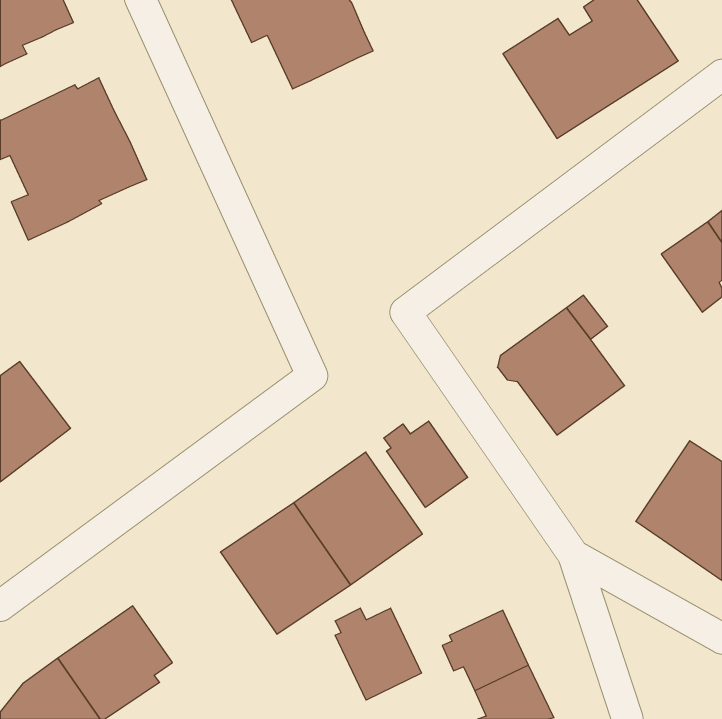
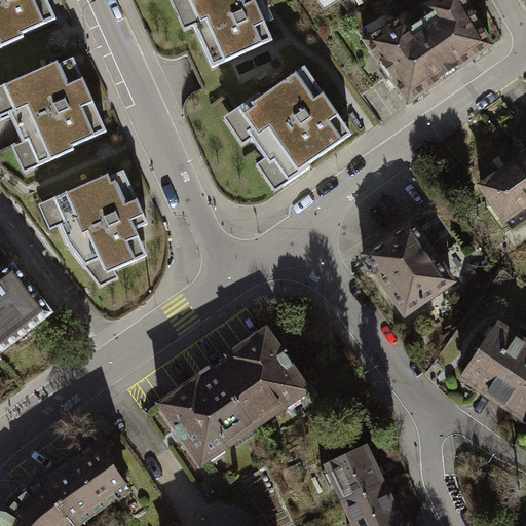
building: none -> [223,67,349,182]
building: none -> [38,170,152,288]
building: [384,421,468,507] -> none
building: [335,608,421,700] -> none

